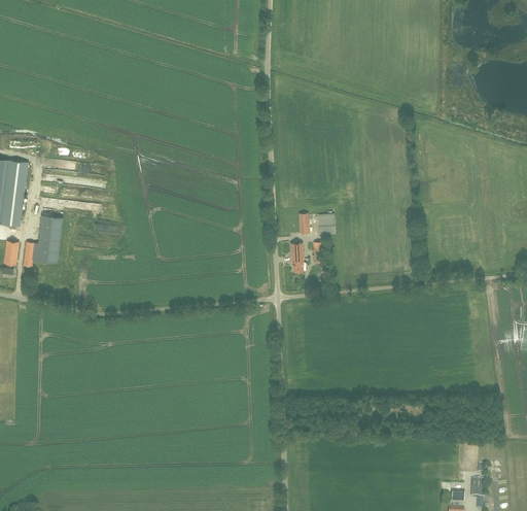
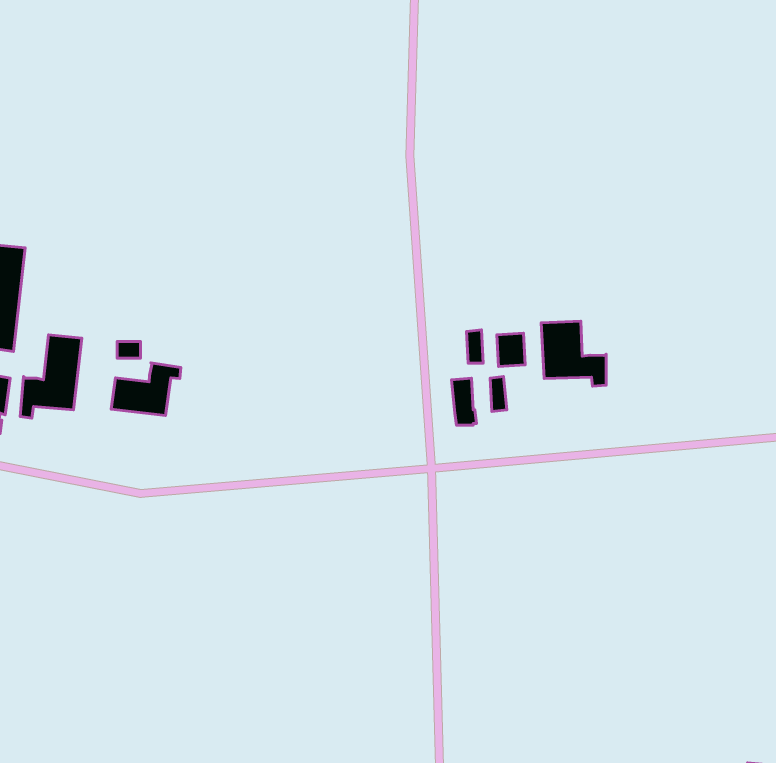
building: none -> [541,321,606,386]
building: none -> [111,363,181,416]

